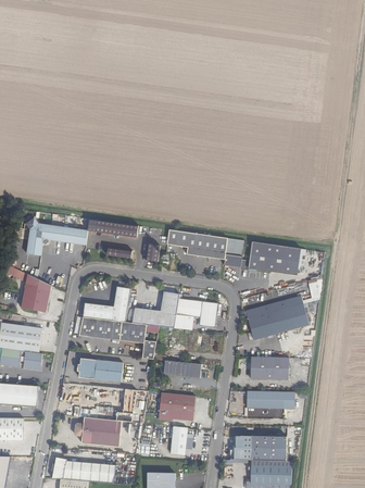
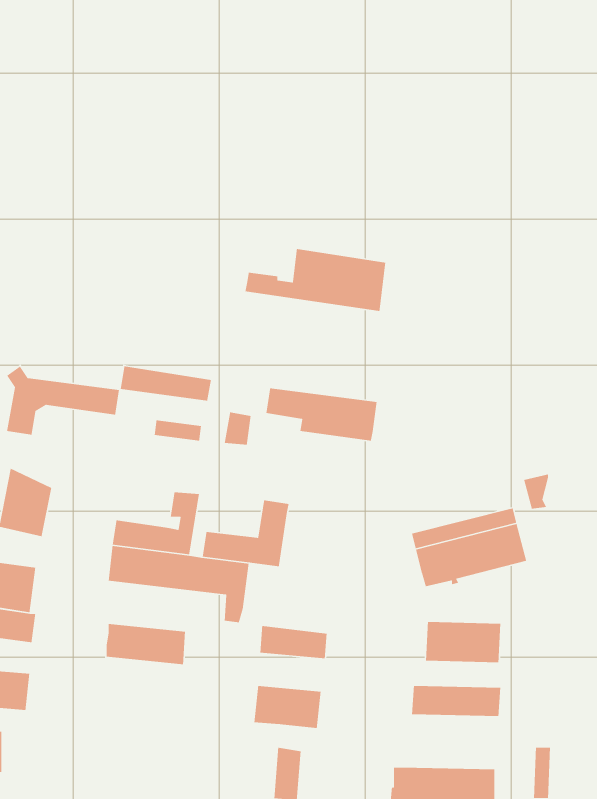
building: [223,240,300,275] -> [244,248,386,312]
building: [174,298,218,329] -> none
building: [74,416,121,446] -> none

